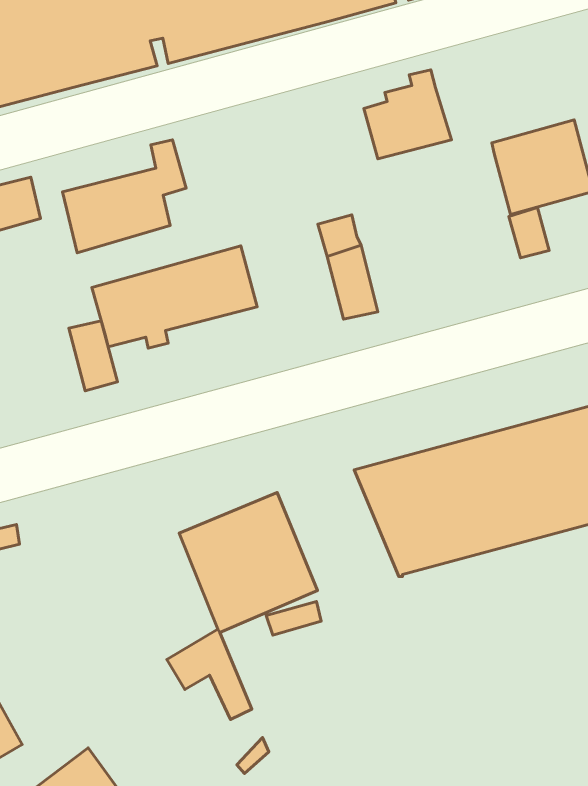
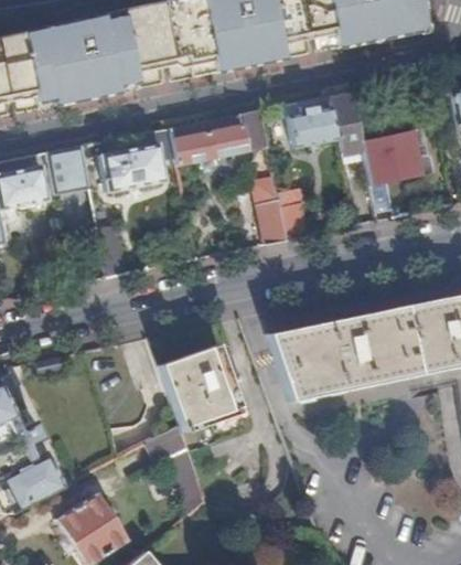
building: none -> [332,100,365,150]
building: none -> [279,188,308,238]
building: [92,246,257,348] -> [171,107,270,166]

